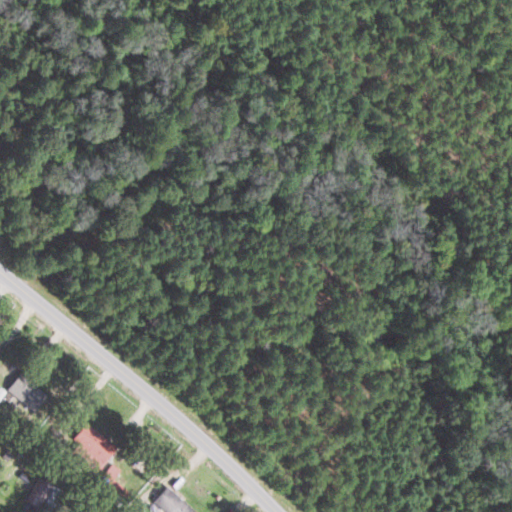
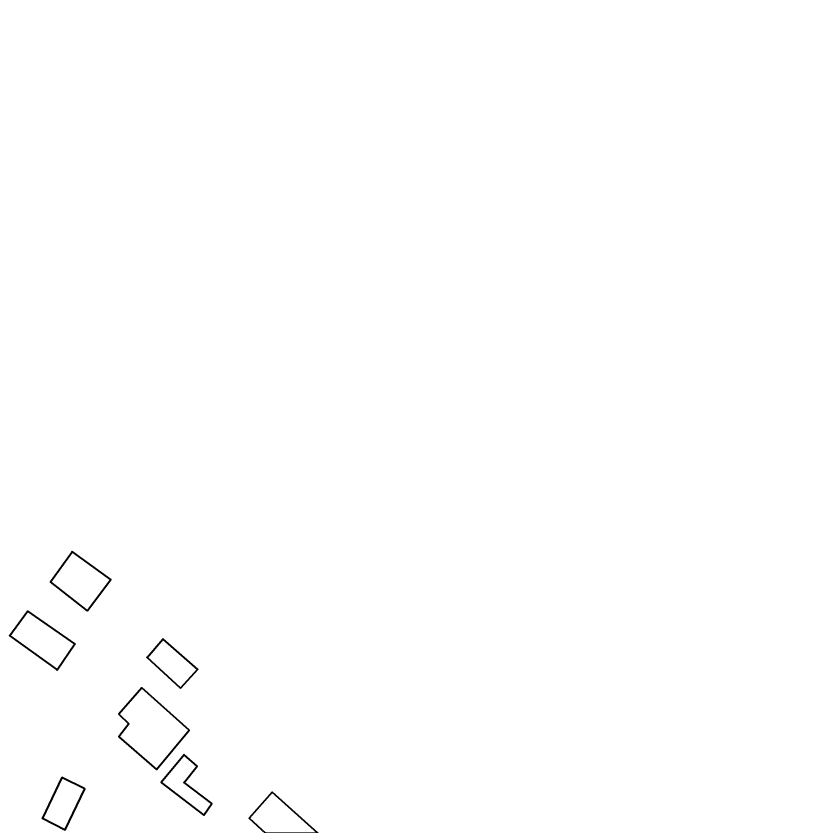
building: none -> [51,552,111,611]
building: none -> [147,639,198,688]

